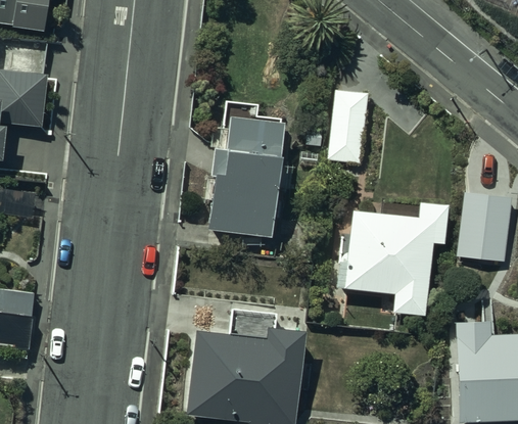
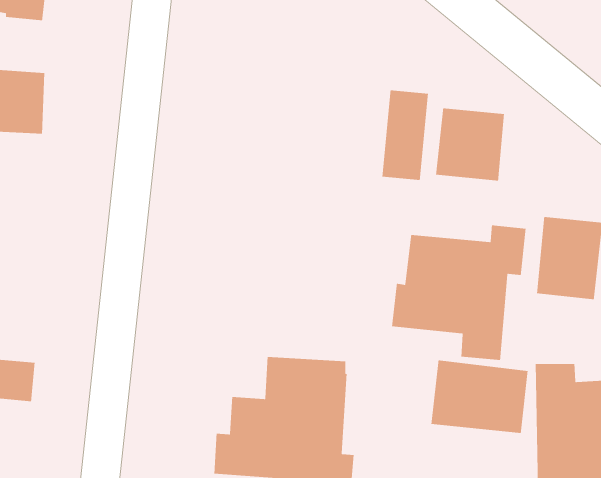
building: [208,101,282,253] -> none
building: none -> [435,107,505,181]
building: none -> [431,360,528,434]

